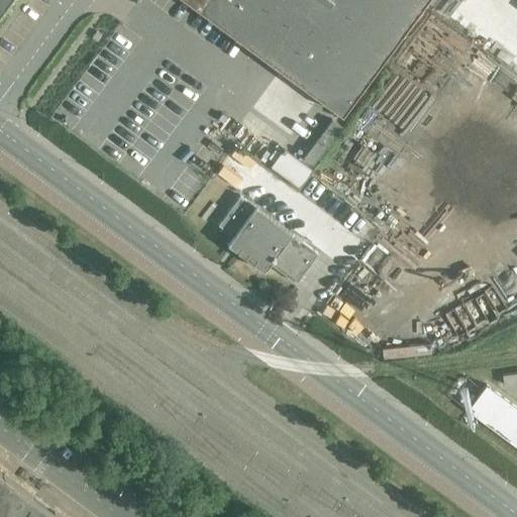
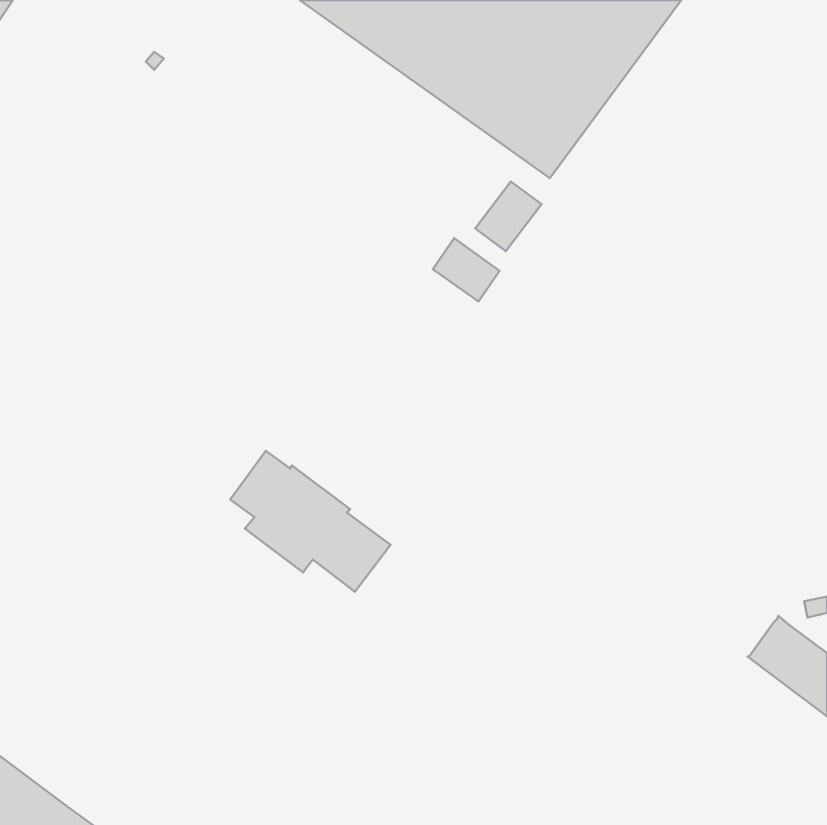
building: [217,197,317,285] -> [230,451,391,592]

